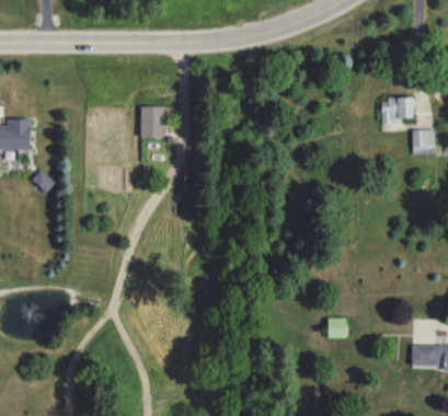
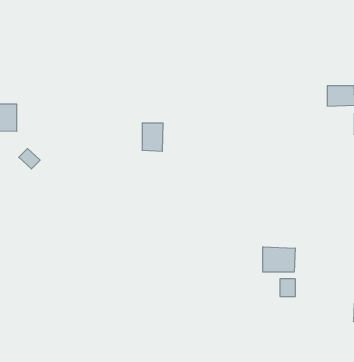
building: [140,106,164,138] -> [142,123,163,151]
building: none -> [263,247,295,272]

